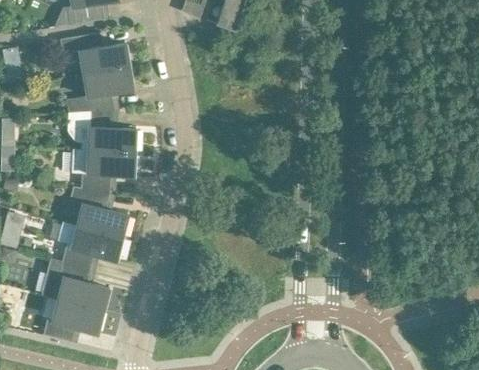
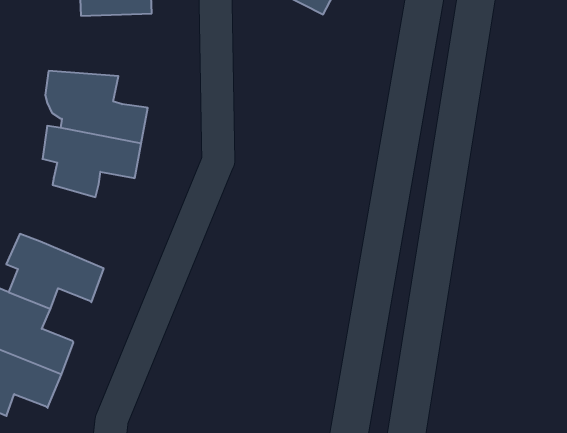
building: [64,66,132,113] -> none
building: [67,186,126,237] -> none

